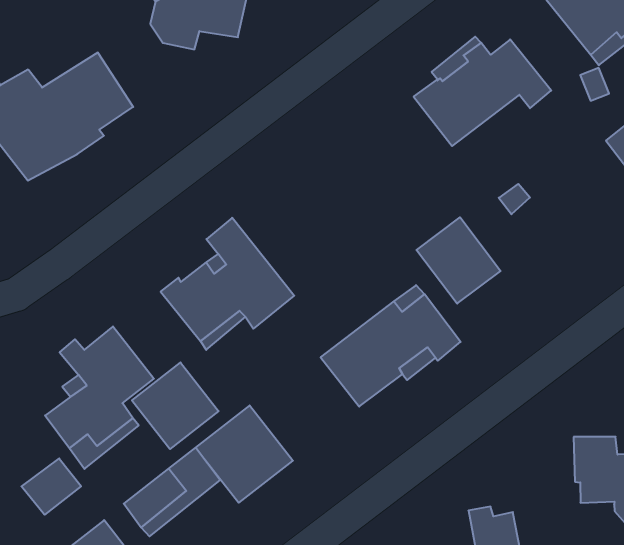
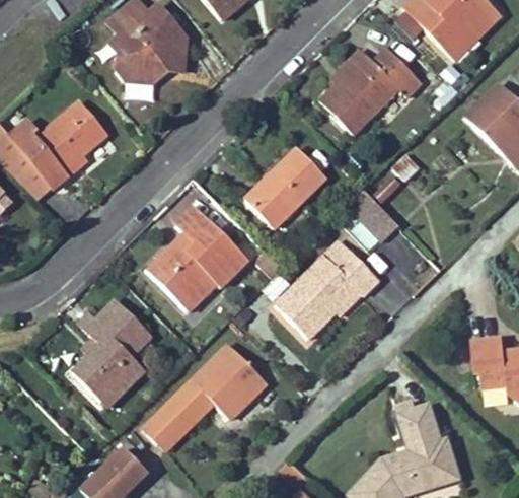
building: none -> [244,149,325,229]
building: [132,362,219,449] -> none
building: [21,458,81,515] -> none

